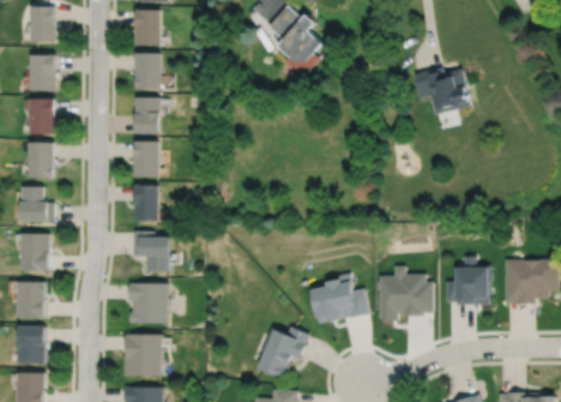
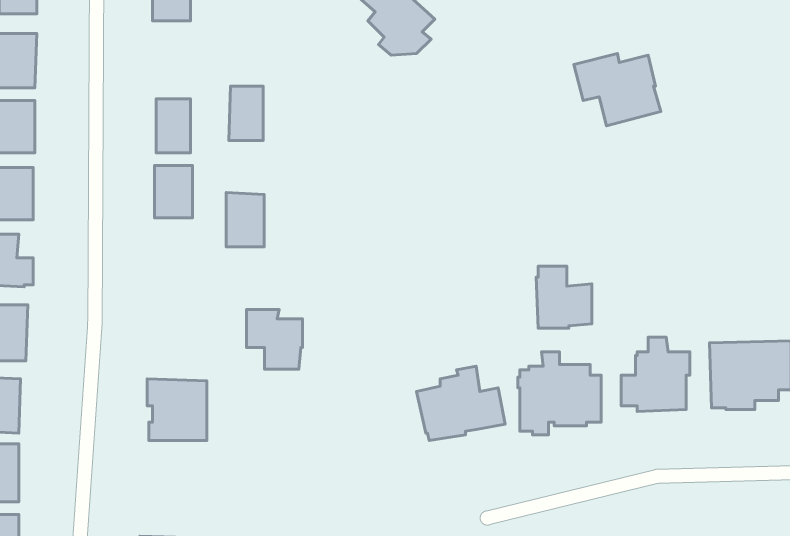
building: [135,53,158,89] -> [229,86,263,140]
building: [134,185,159,221] -> [226,193,264,247]
building: none -> [536,266,592,328]
building: [134,232,171,271] -> [247,310,303,369]
building: [255,328,308,382] -> none
building: [125,335,163,377] -> none

